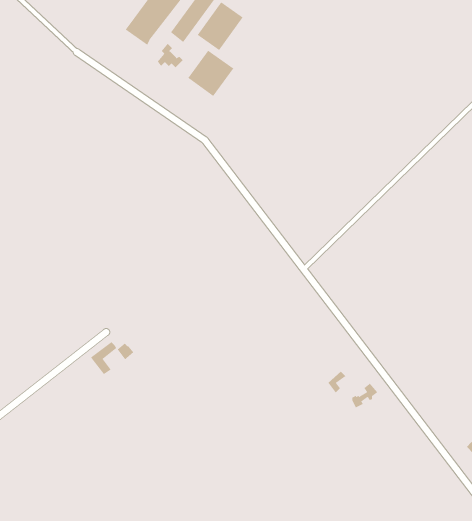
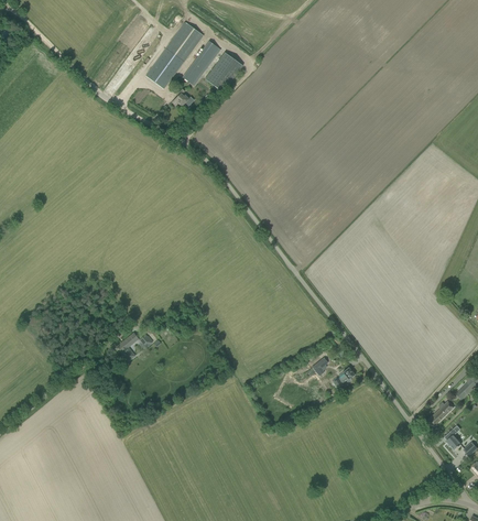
building: [187,50,234,97] -> none

